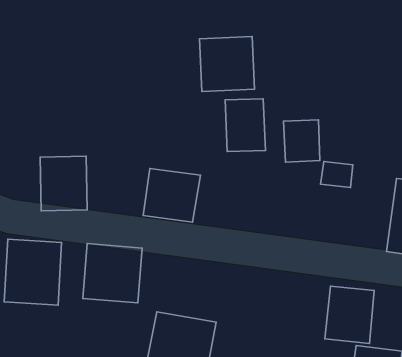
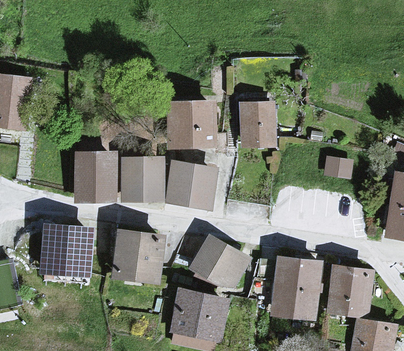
building: [200,37,255,92] -> [165,100,214,149]
building: [284,120,320,162] -> none
building: none -> [121,156,164,202]
building: none -> [188,235,253,286]
building: none -> [271,257,319,321]

